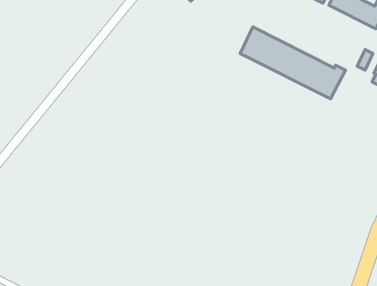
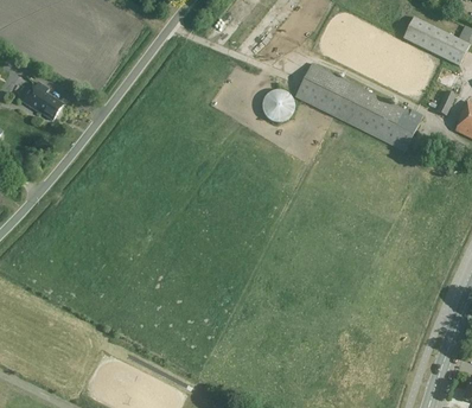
building: none -> [19,81,63,120]
building: none -> [261,88,293,120]

